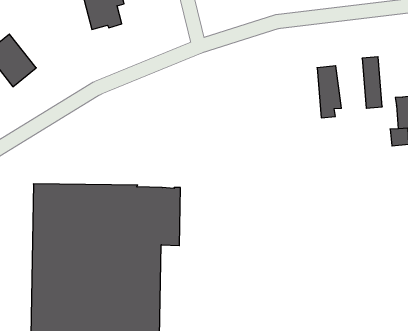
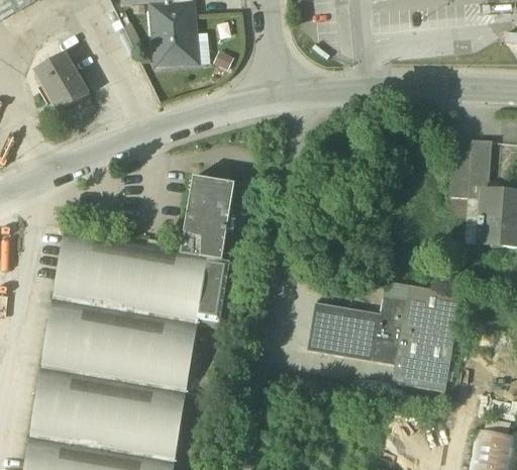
building: [317,66,341,118] -> [469,143,494,200]
building: none -> [181,177,234,255]
building: none -> [307,282,461,392]

